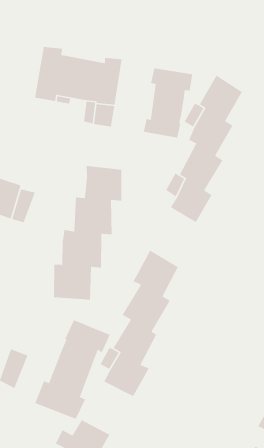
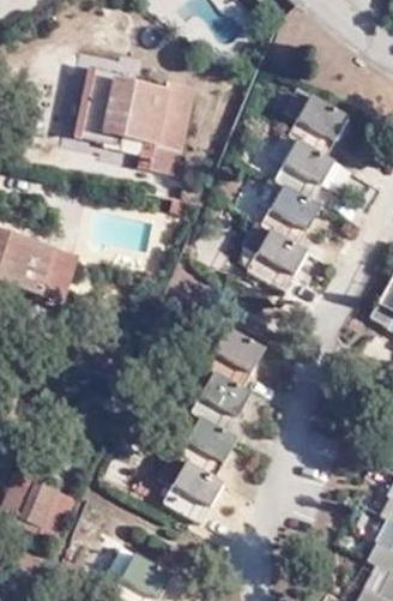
building: [143,68,193,138] -> none
building: [53,165,122,301] -> none
building: [34,319,111,420] -> none

